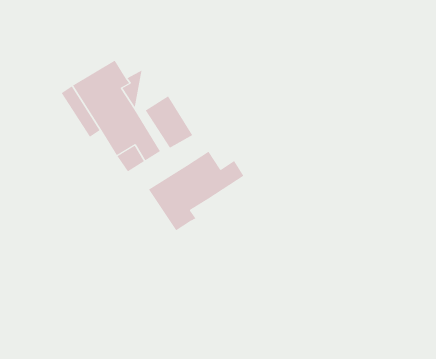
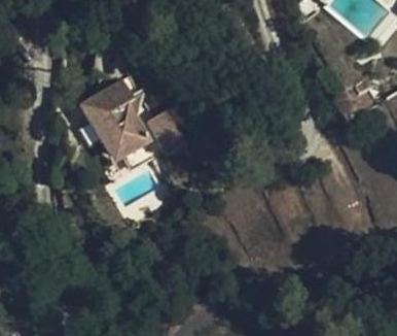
building: [148,151,244,231] -> none

